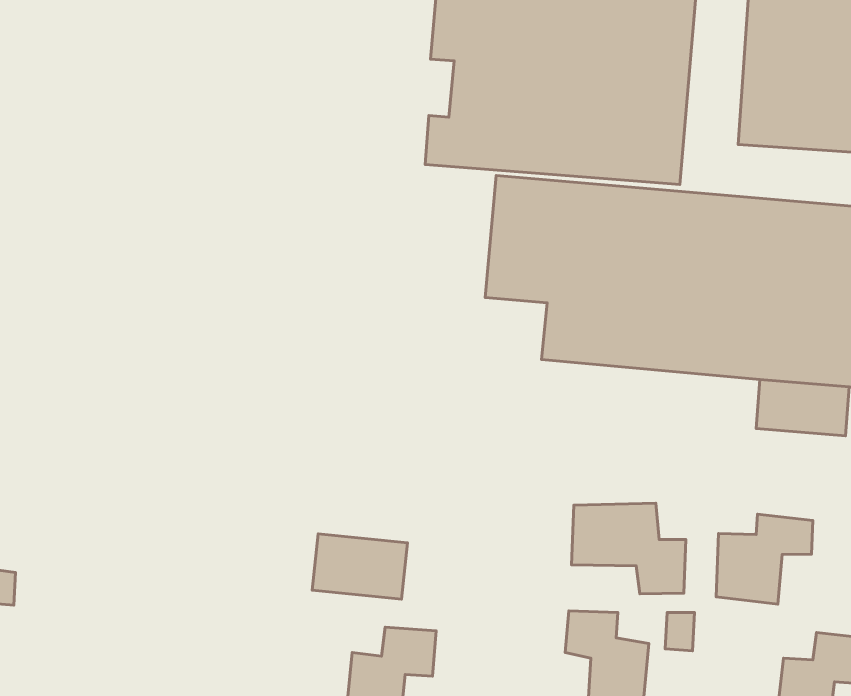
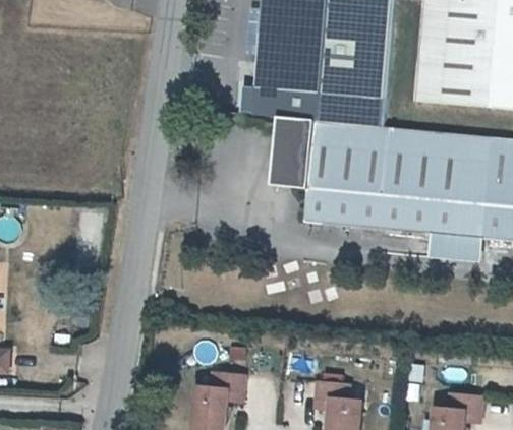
building: [571,503,686,594] -> none
building: [716,514,813,604] -> none
building: [312,534,407,599] -> none

